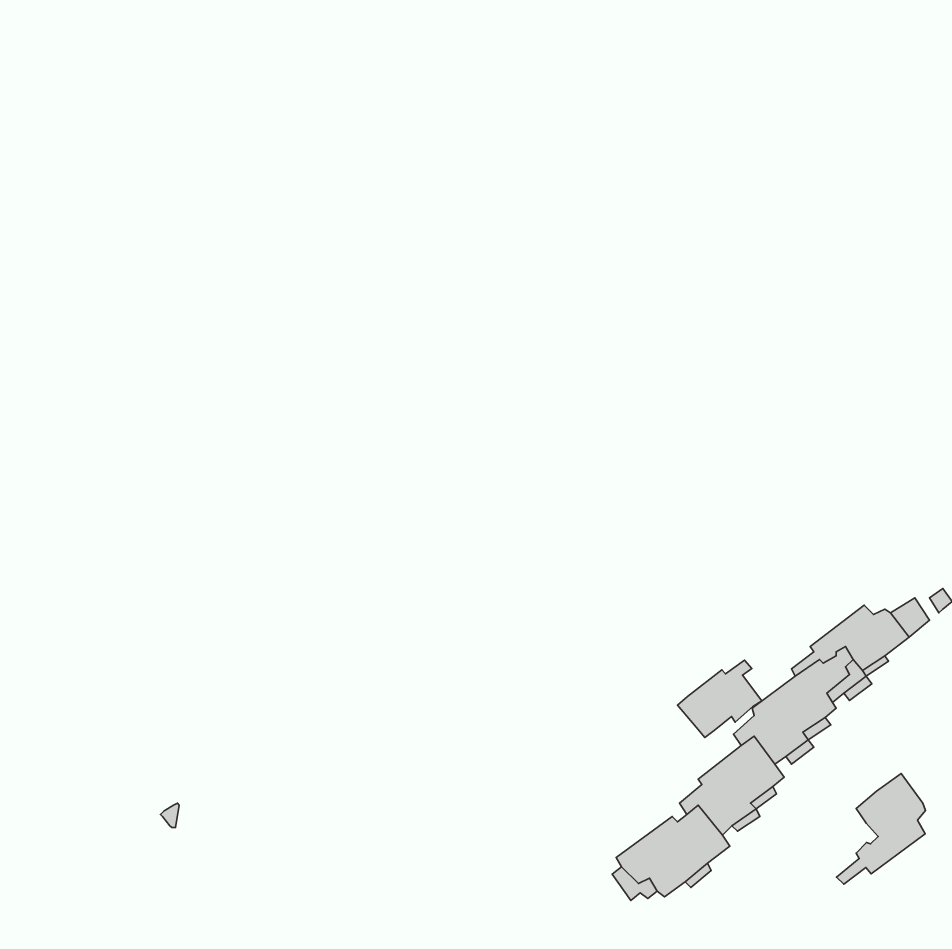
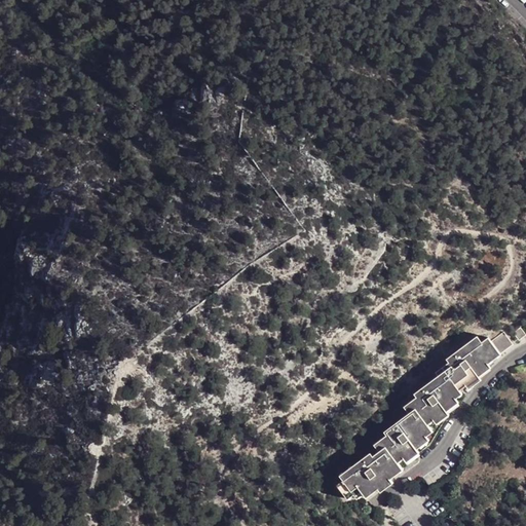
building: [678,660,762,738] -> none
building: [837,773,926,884] -> none

